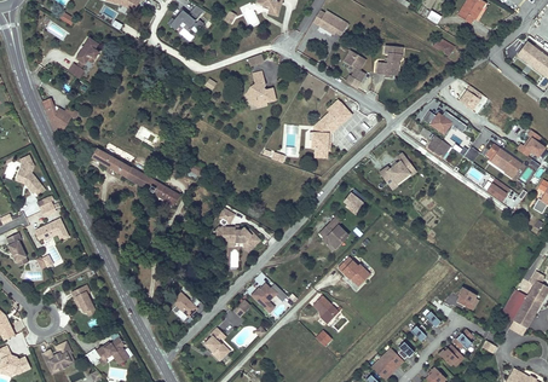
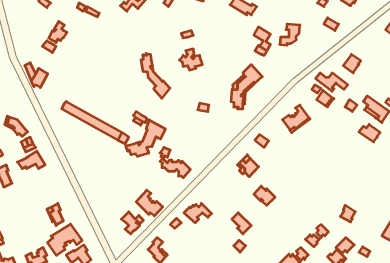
building: none -> [141,53,170,98]
building: none -> [126,120,165,156]
building: none -> [136,190,163,216]
building: none -> [48,224,82,255]

